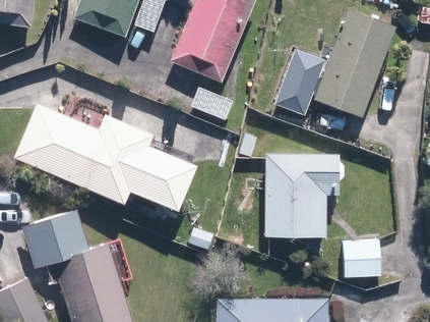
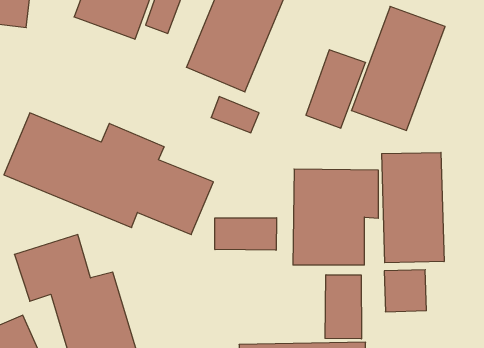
building: none -> [382,152,444,263]
building: none -> [215,218,277,250]
building: none -> [325,275,361,339]

